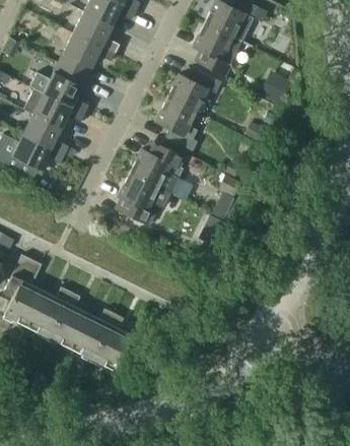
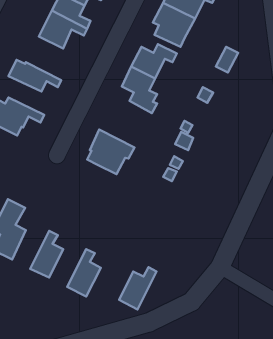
building: [29,62,88,114] -> none
building: [22,114,68,154] -> none
building: [129,140,184,193] -> none
building: [26,286,70,336] -> none
building: [70,308,114,358] -> [119,267,156,309]

